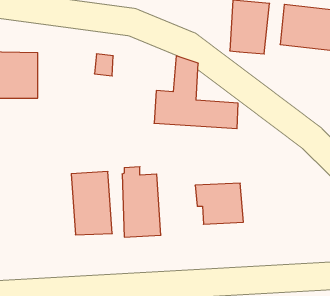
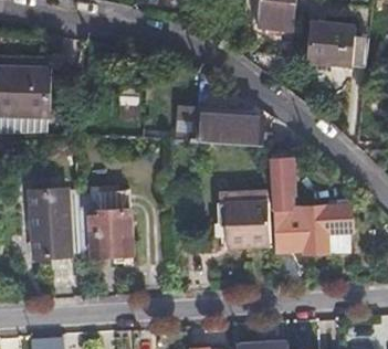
building: none -> [269,158,349,252]
building: [122,167,161,237] -> [30,179,71,253]

